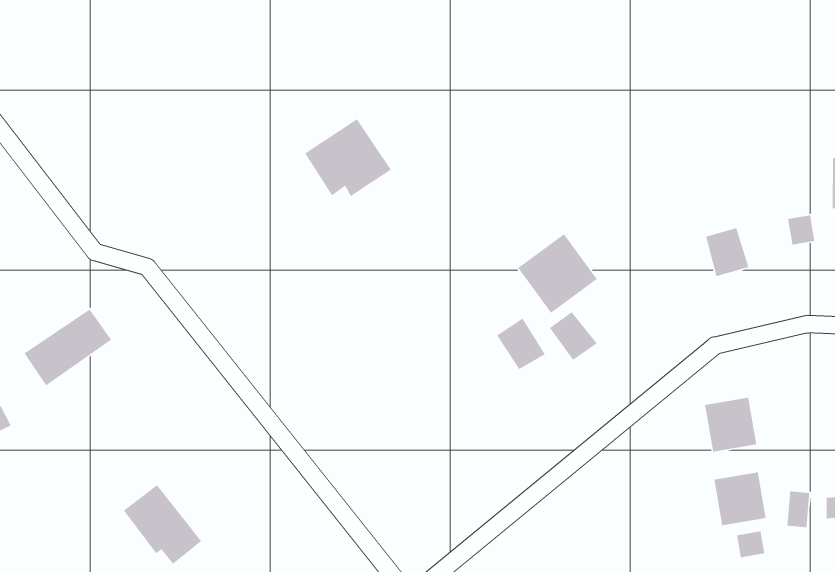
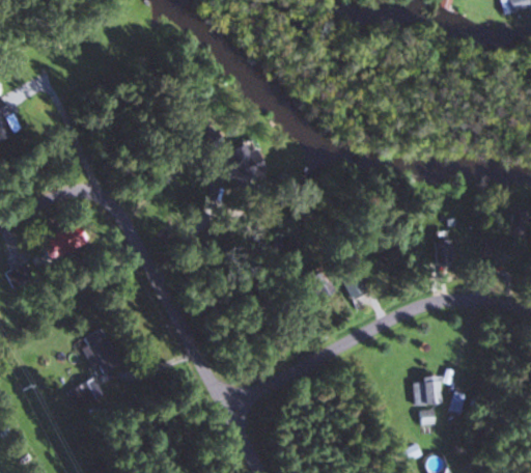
building: [517,233,598,314] -> none
building: [704,397,757,453] -> none

